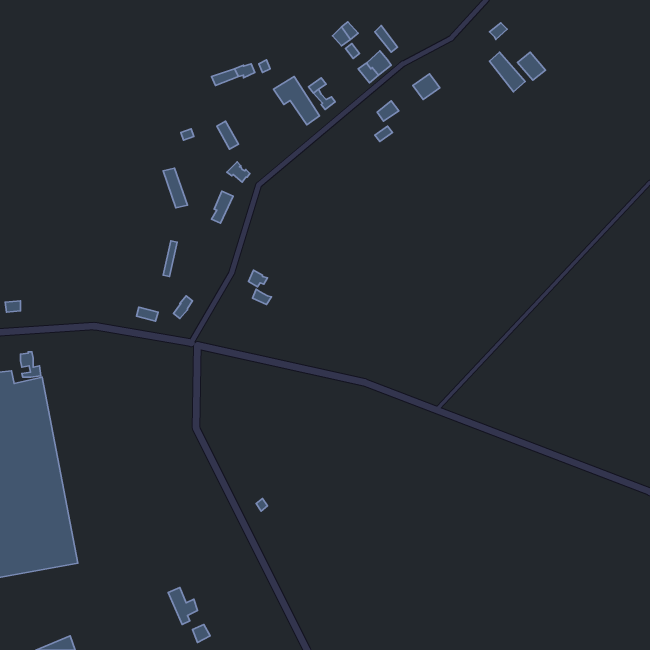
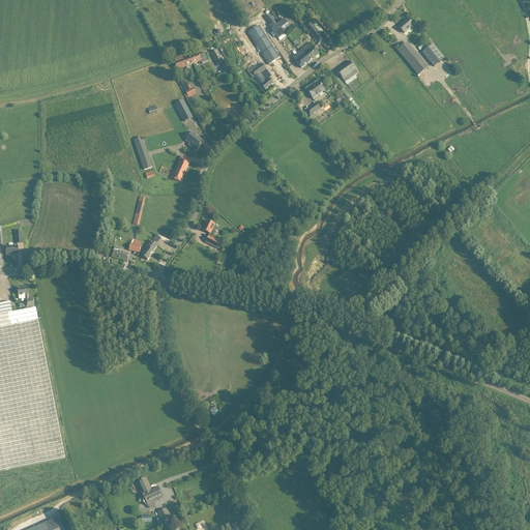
building: [274,76,320,125] -> [241,25,278,64]

